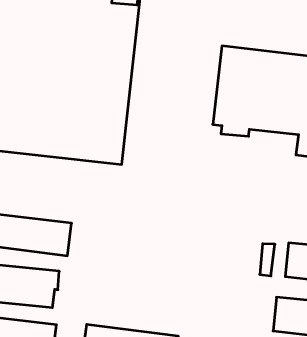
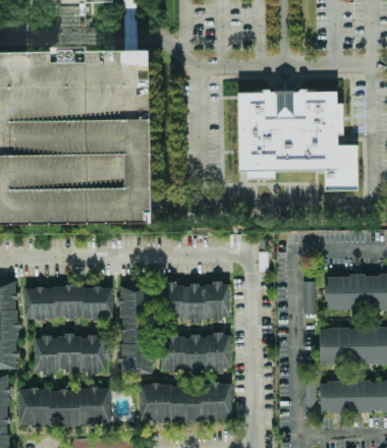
building: none -> [119,286,151,374]
building: none -> [163,283,229,321]
building: none -> [160,334,230,373]

